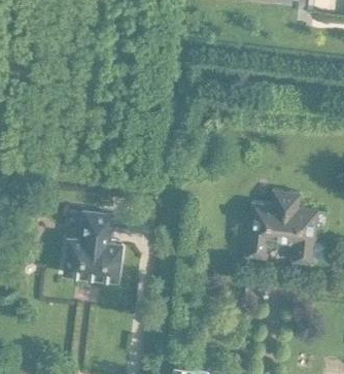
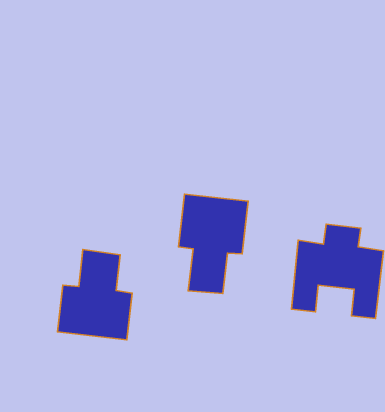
building: none -> [179,194,248,294]

